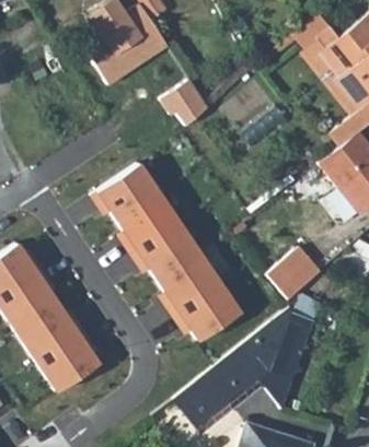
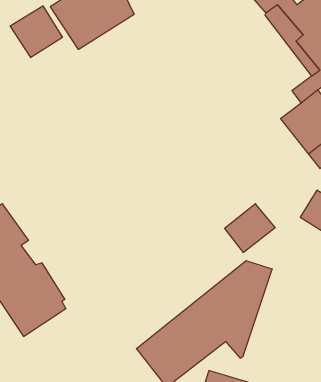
building: none -> [10,6,62,58]
building: [160,78,207,123] -> none
building: [92,158,239,337] -> none

